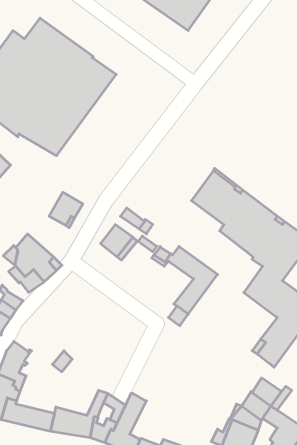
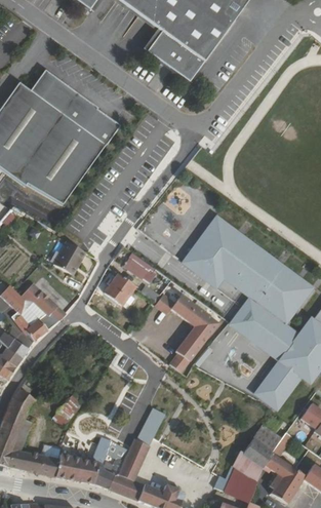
building: none -> [180,249,225,289]
building: none -> [228,300,263,340]
building: none -> [135,407,165,446]

